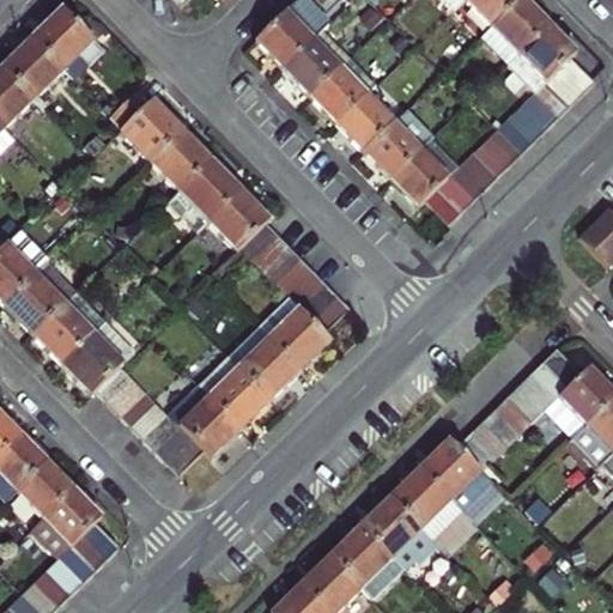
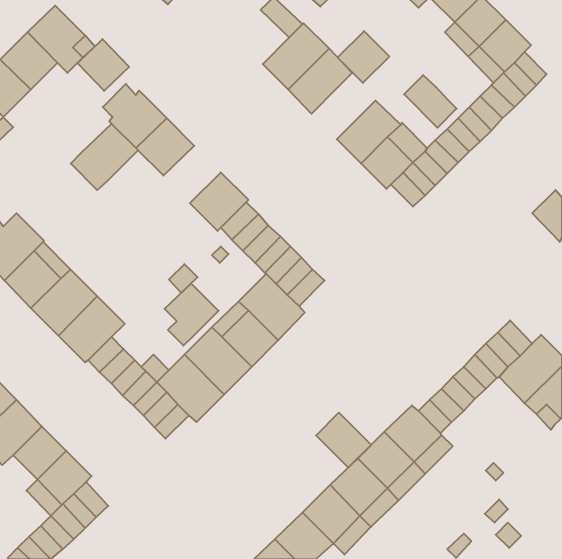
building: [254,11,314,69] -> none
building: none -> [78,39,129,91]
building: none -> [404,75,457,128]
building: [338,95,394,151] -> [338,31,389,83]
building: [166,158,239,230] -> [71,124,138,190]
building: none -> [165,283,219,346]
building: none -> [316,413,371,468]

